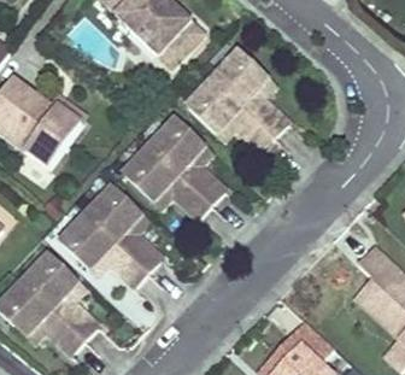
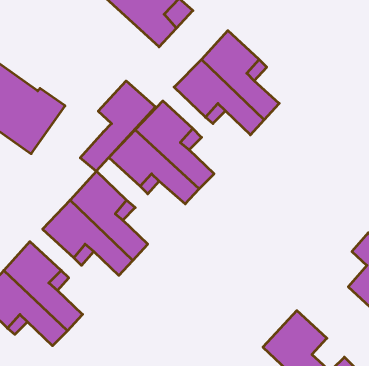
building: none -> [80,81,155,171]

